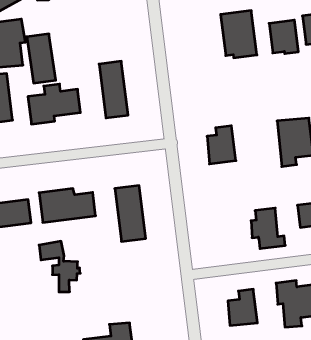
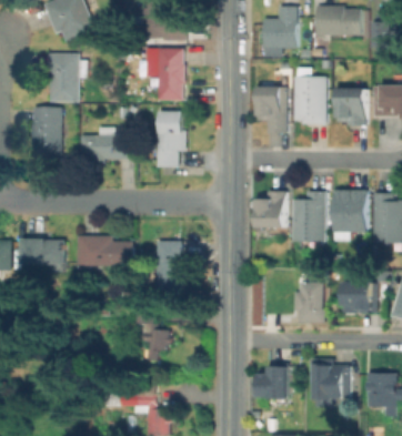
building: none -> [260,87,288,133]
building: [27,34,56,83] -> [159,50,183,99]
building: none -> [295,194,328,240]
building: [39,241,80,292] -> [133,307,172,361]

